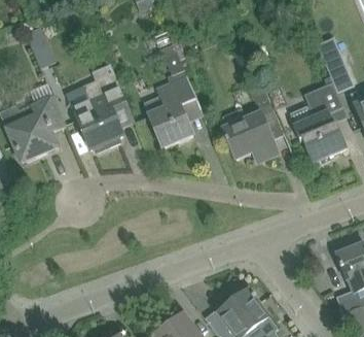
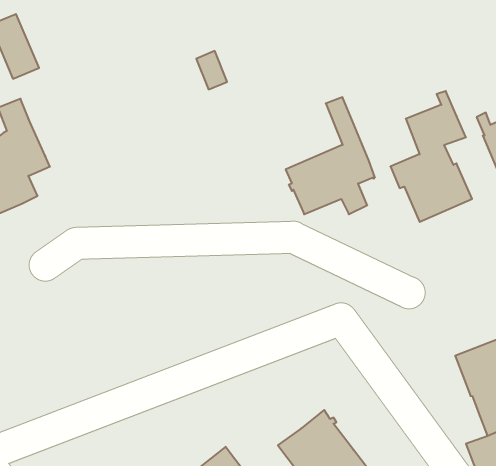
building: [317,36,354,92] -> none
building: [72,62,134,150] -> none
building: [149,75,199,146] -> none

